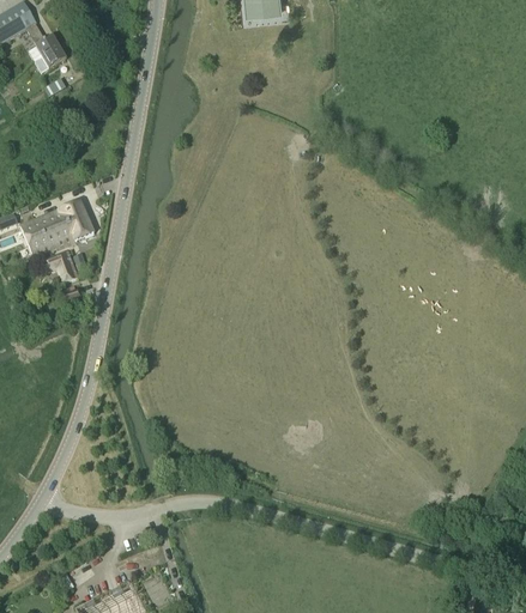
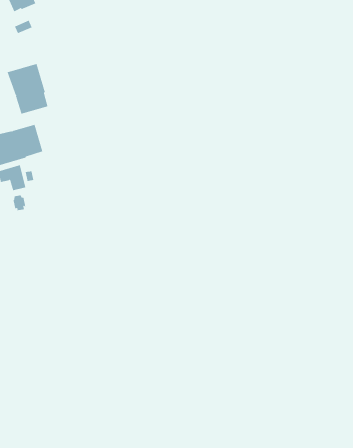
building: none -> [7,63,48,115]

